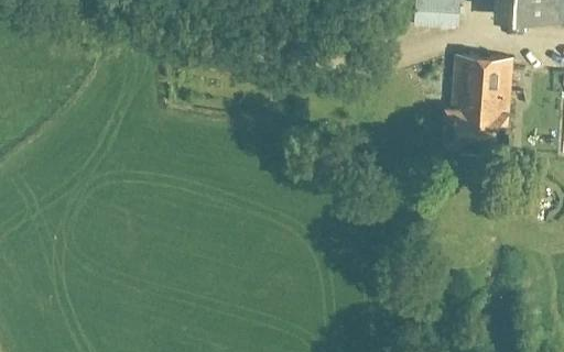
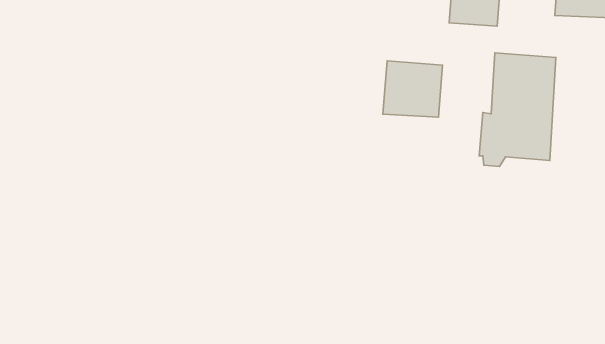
building: none -> [383,61,442,117]

